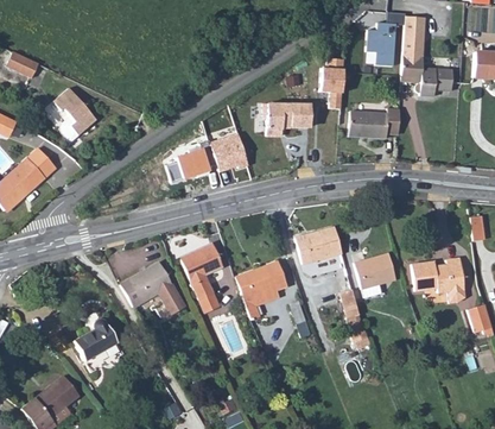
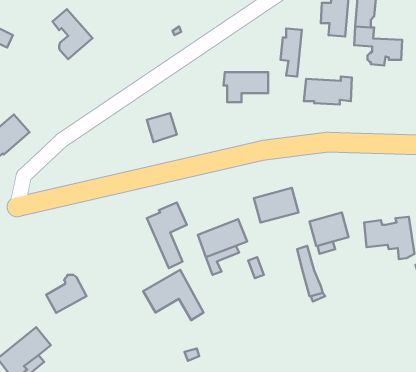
building: [53,88,96,141] -> [52,9,93,59]
building: [212,132,248,172] -> none
building: [120,261,184,315] -> [143,270,203,320]

